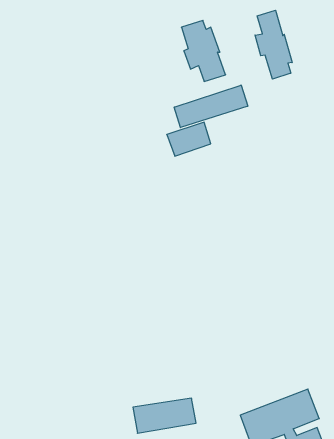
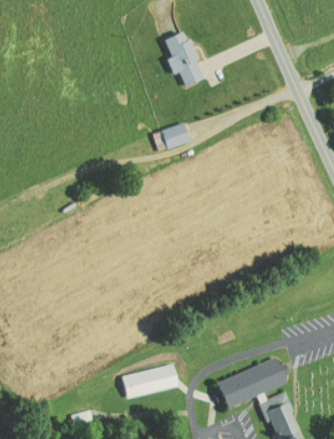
building: [255,10,292,79] -> none
building: [174,85,248,128] -> none

